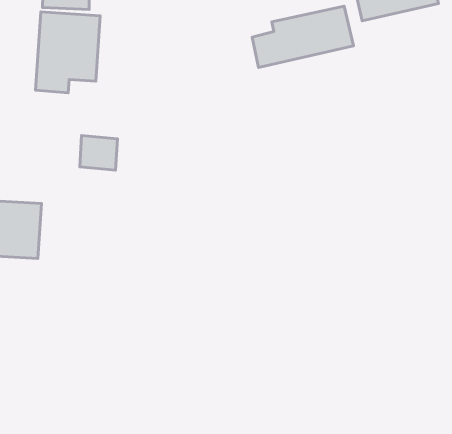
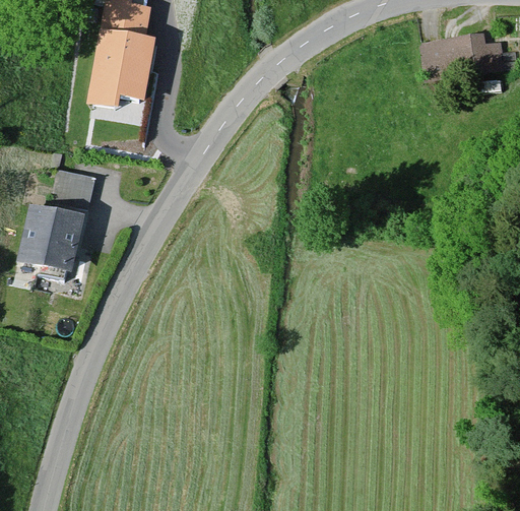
building: [252,6,354,67] -> none
building: [80,135,117,170] -> [52,169,93,208]

